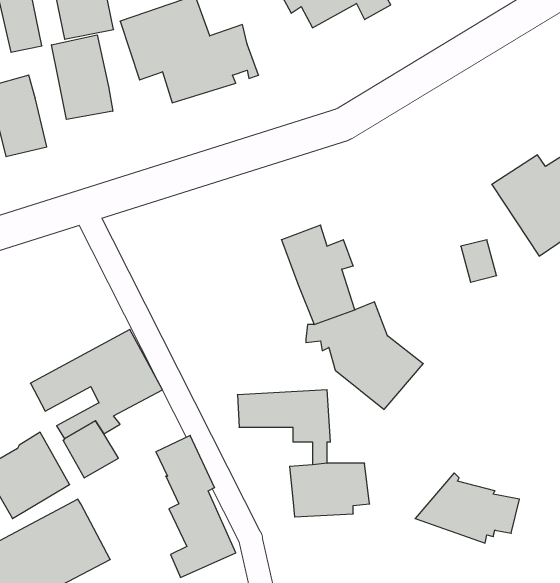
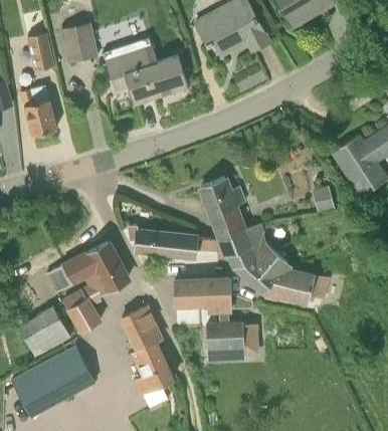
building: [52,35,113,119] -> none
building: none -> [128,225,217,253]
building: [415,473,519,543] -> [264,262,329,305]

